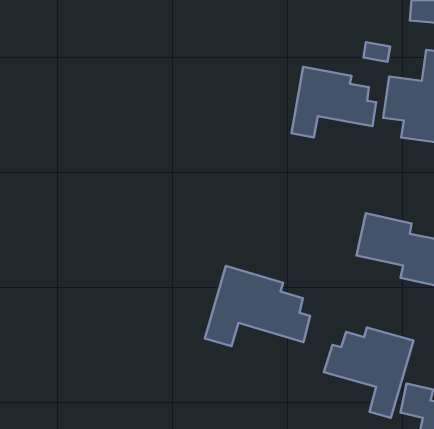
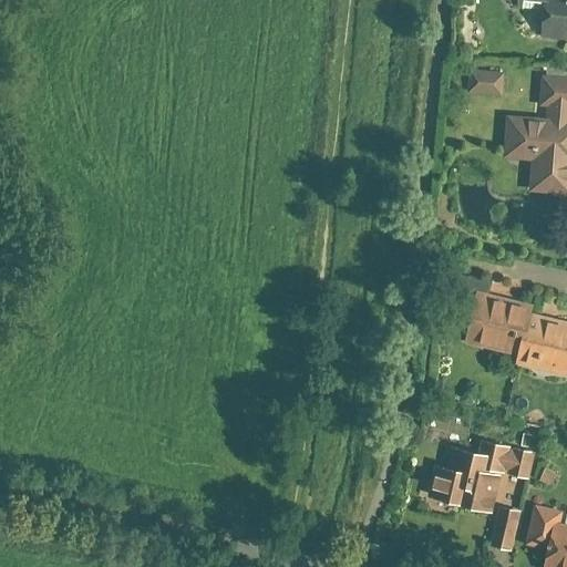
building: [291,67,376,137] -> none
building: [205,266,310,346] -> none

